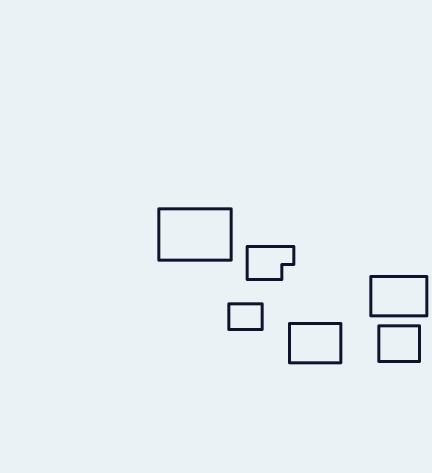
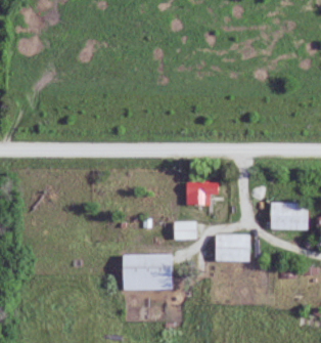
building: [159,209,231,260] -> [122,255,171,290]
building: [379,326,419,362] -> none

